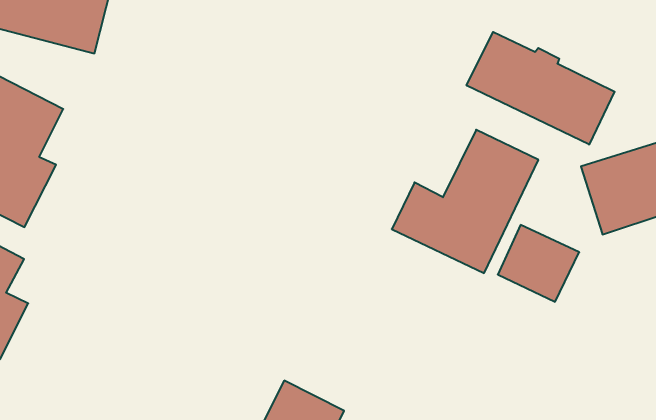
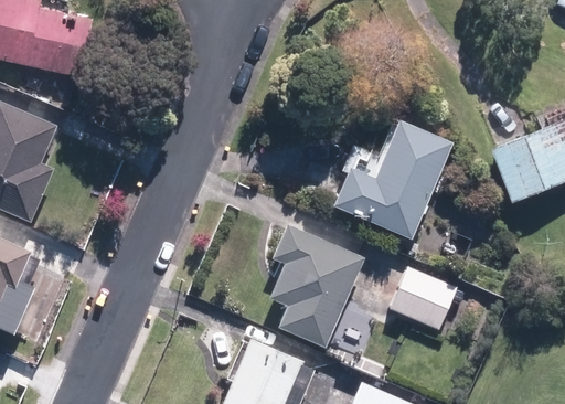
building: [467,32,615,145] -> none
building: [498,225,579,302] -> [390,267,456,329]
building: none -> [268,224,364,349]

